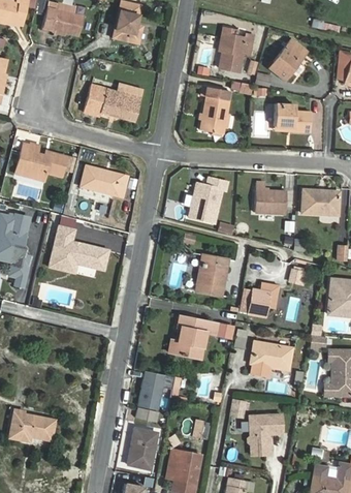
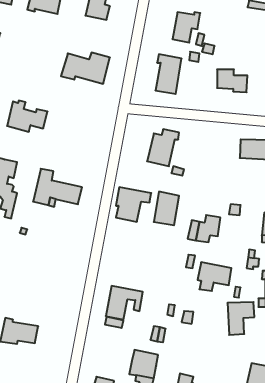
building: [268,39,307,80] -> none
building: [79,165,128,197] -> none
building: [254,181,286,214] -> none
building: [174,316,218,359] -> [116,187,151,222]
building: [249,415,282,456] -> [227,302,254,335]
building: [127,424,159,470] -> none

